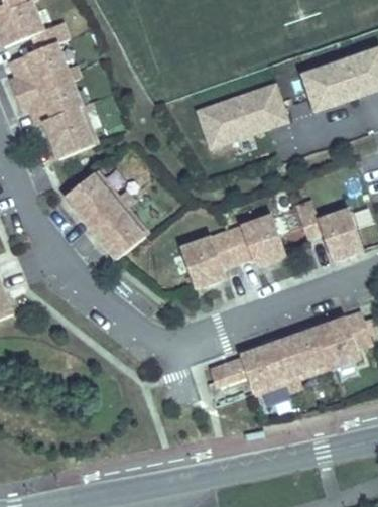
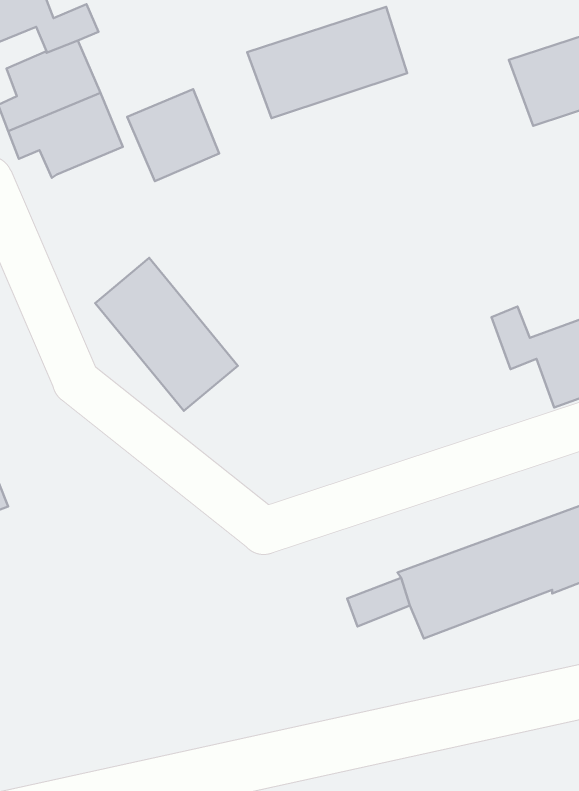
building: [200,71,292,135] -> [247,7,407,118]
building: [42,110,96,163] -> [127,89,219,181]
building: [179,217,285,290] -> none

